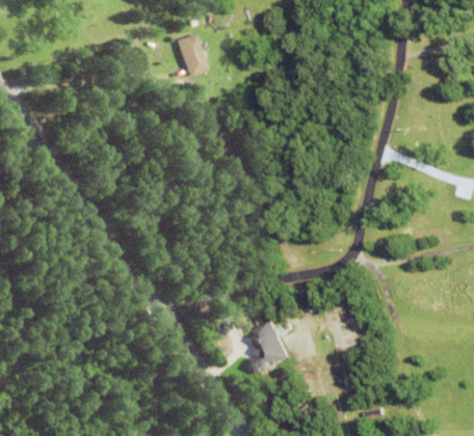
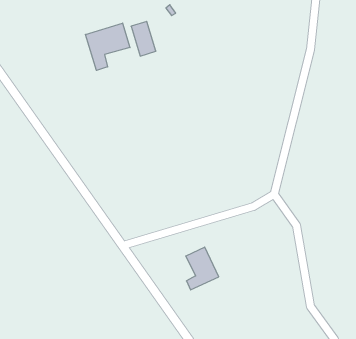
building: none -> [85,23,130,70]

